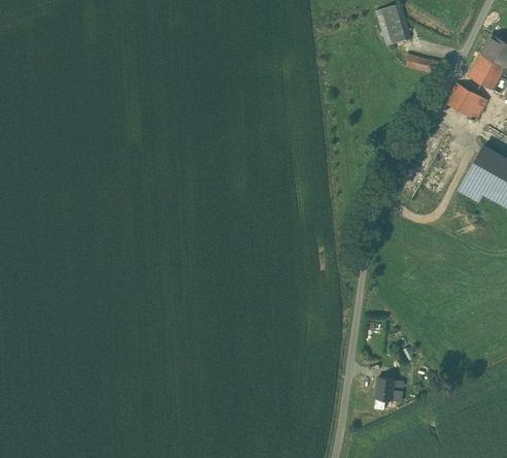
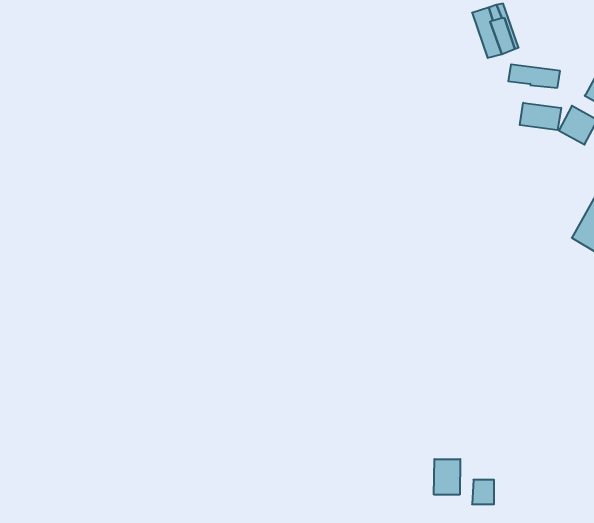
building: none -> [520,103,561,130]
building: none -> [434,459,460,495]

